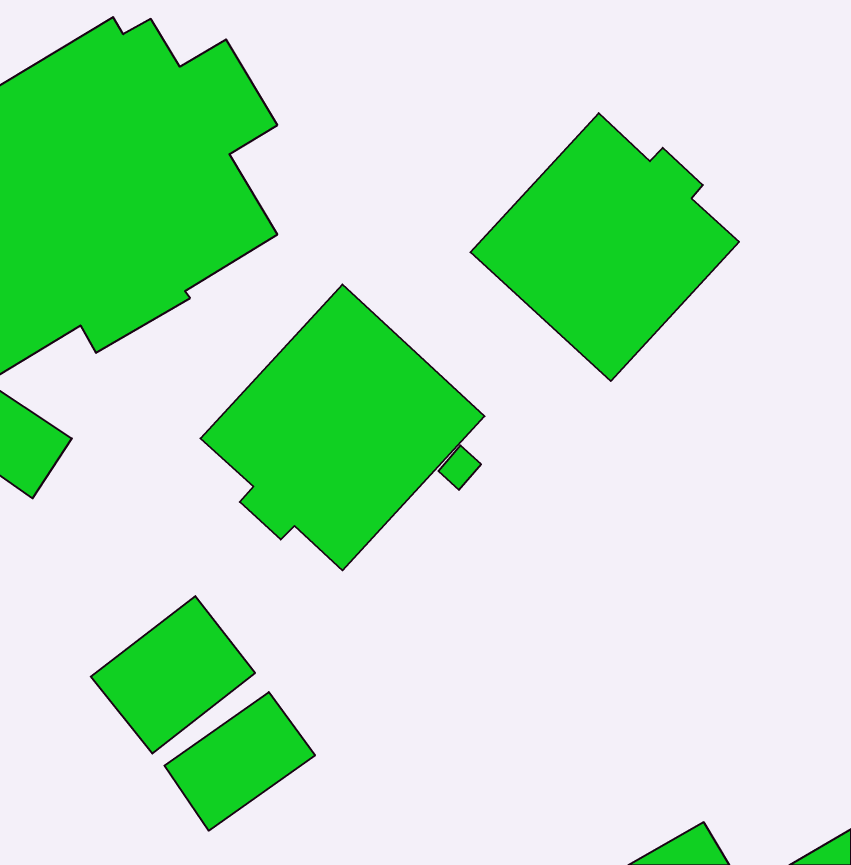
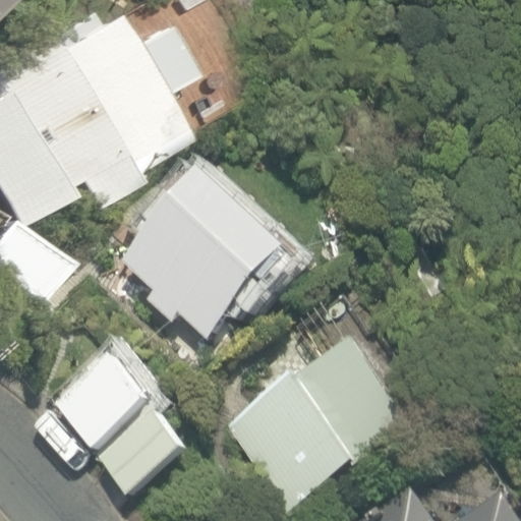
building: [470,113,739,381] -> none
building: none -> [222,335,410,510]

